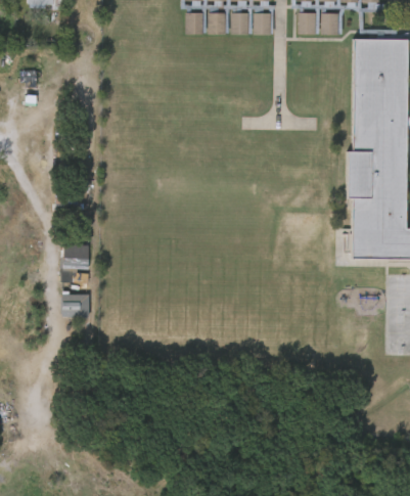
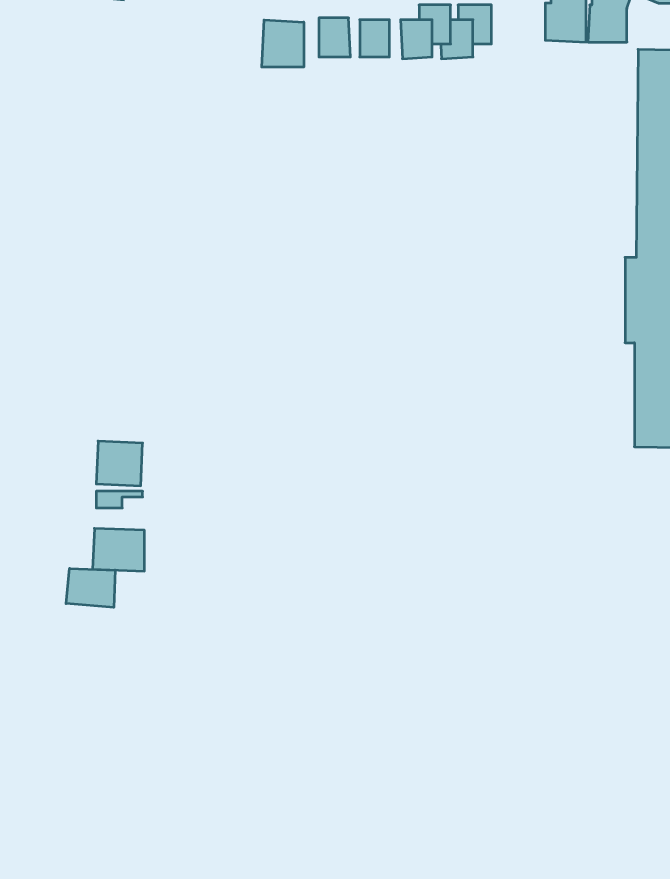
building: none -> [262,20,304,67]
building: none -> [66,568,115,607]

